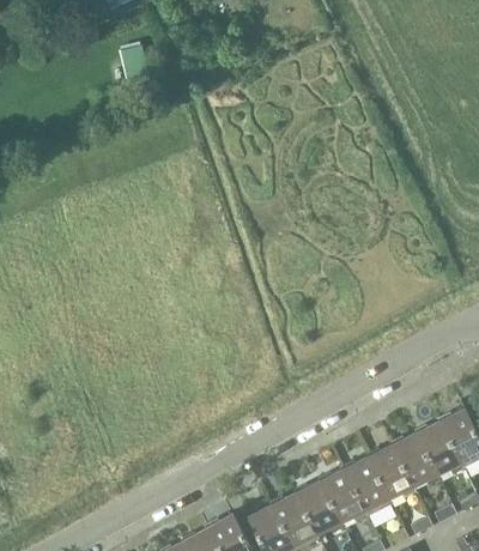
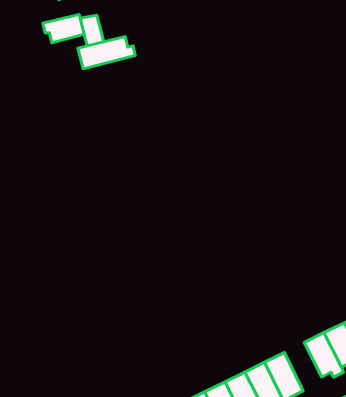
building: none -> [43,14,84,43]
building: none -> [78,37,135,69]
building: [368,443,416,497] -> none

